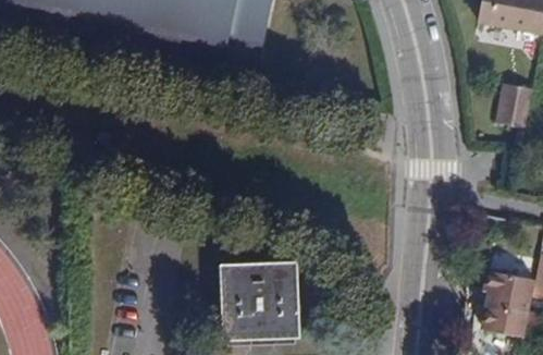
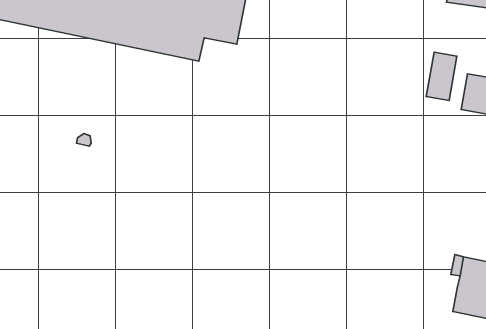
building: none -> [426,52,457,101]
building: [220,260,300,340] -> none

